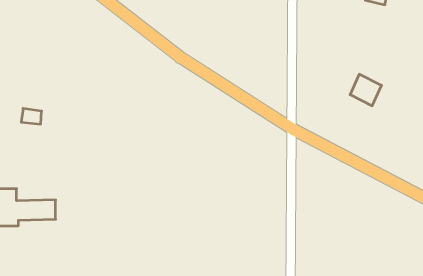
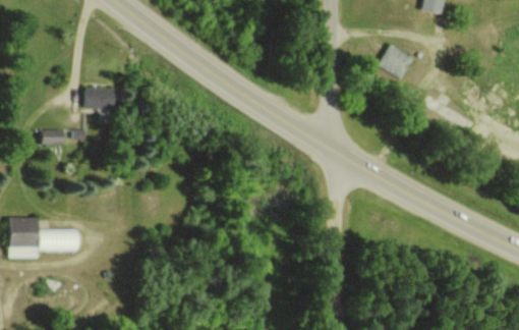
building: none -> [83,87,110,108]
building: [350,74,382,106] -> [382,44,416,78]

